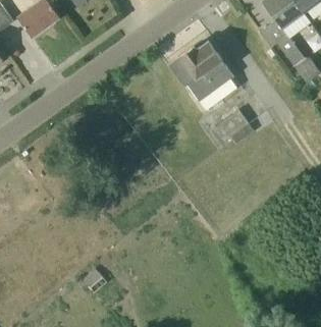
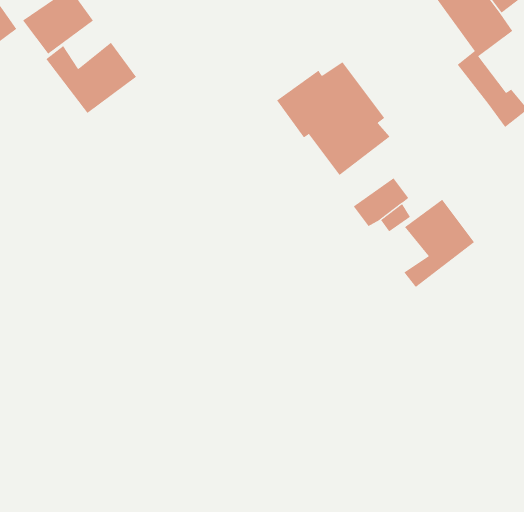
building: none -> [45,42,137,114]
building: none -> [404,199,475,288]

